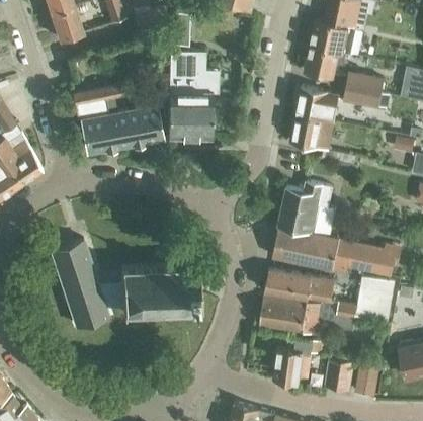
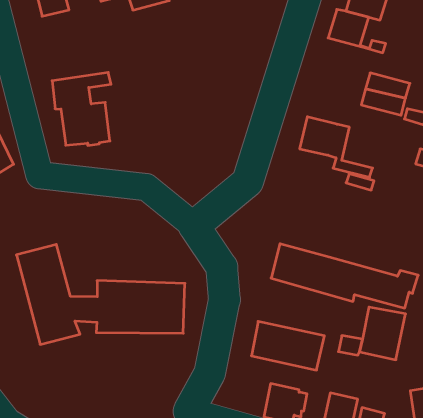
building: [305,45,345,77] -> none
building: [167,53,216,138] -> none
building: [297,88,339,121] -> none
building: [119,106,163,146] -> none
building: [279,181,336,237] -> none
building: [265,270,335,302] -> none

